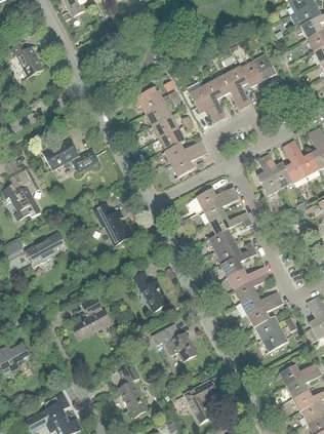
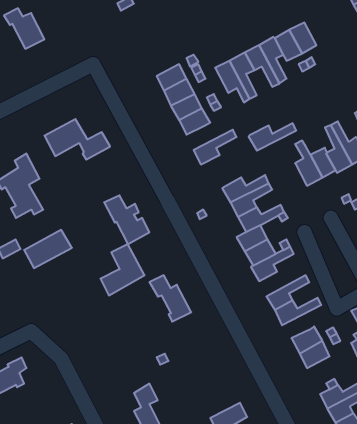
building: [163,140,204,163] -> [249,123,296,151]
building: [227,266,267,289] -> none
building: [72,297,110,341] -> [100,244,145,295]
building: [246,297,283,326] -> none
building: [150,323,196,361] -> none

